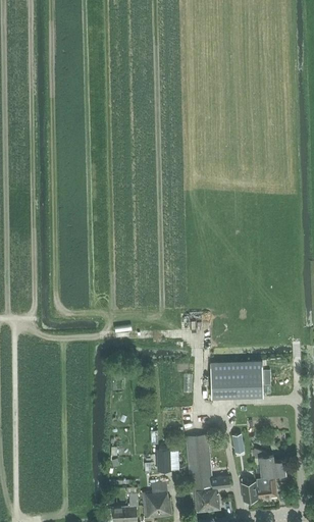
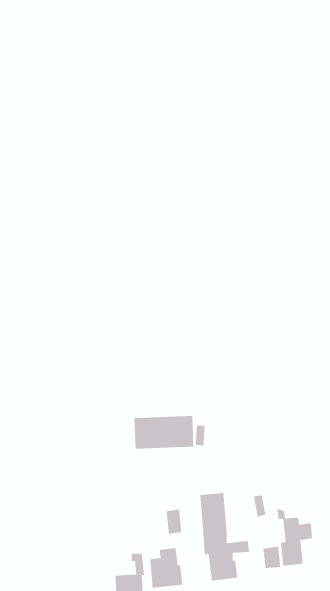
building: [209,369,262,399] -> [134,415,194,449]

